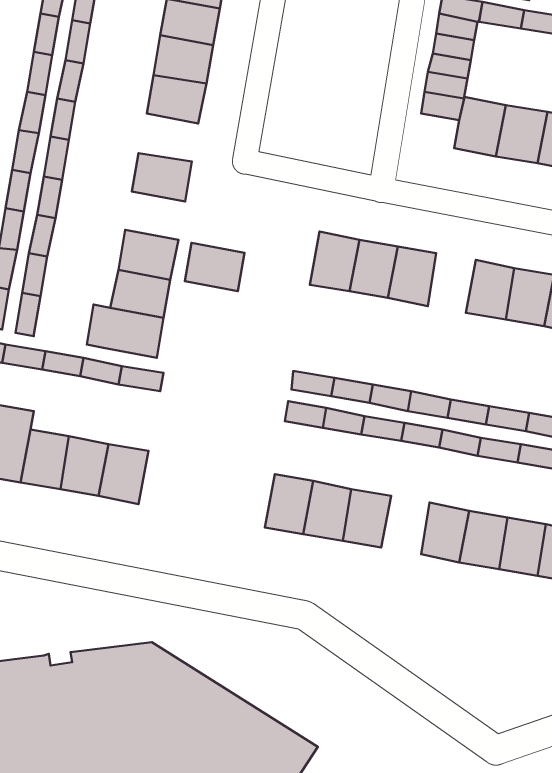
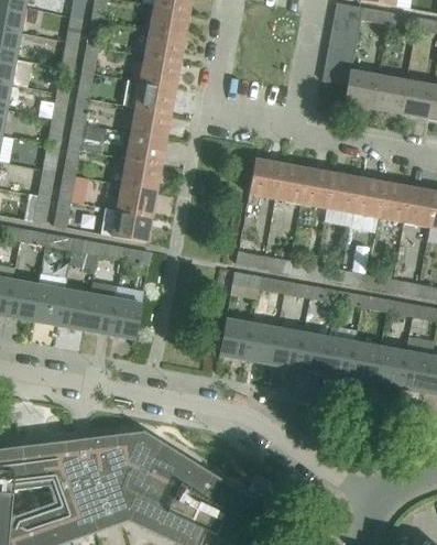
building: none -> [134,80,174,112]
building: [185,243,245,291] -> [125,132,165,164]
building: none -> [323,173,358,226]
building: none -> [295,334,327,372]

